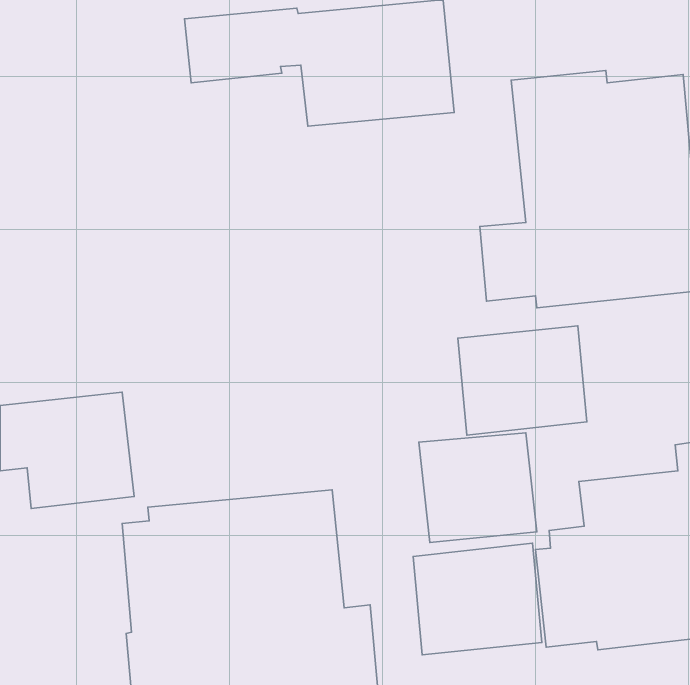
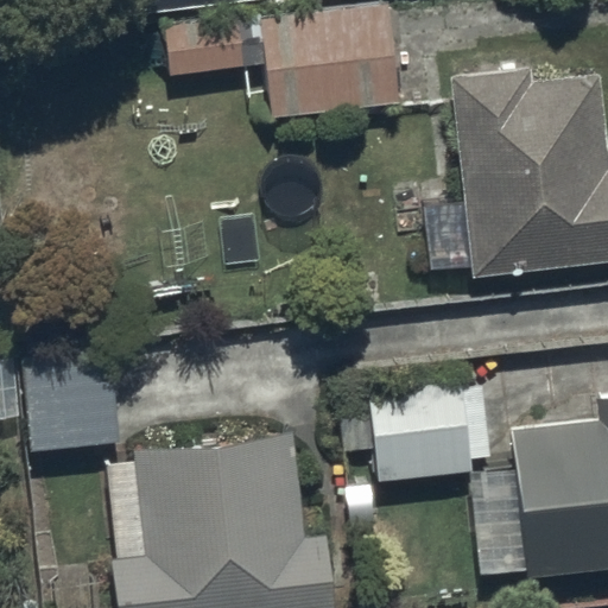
building: [458,326,587,435] -> none
building: [413,543,542,655] -> none

